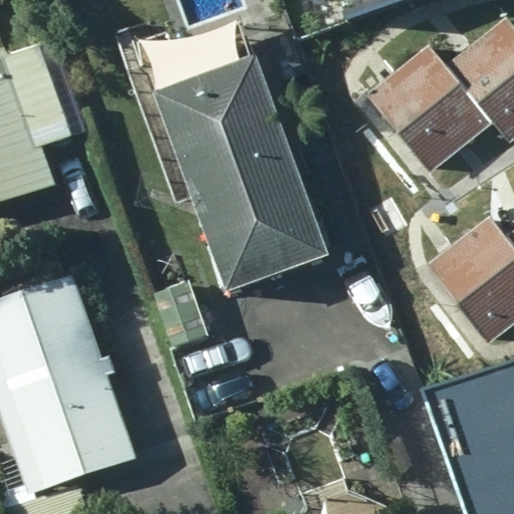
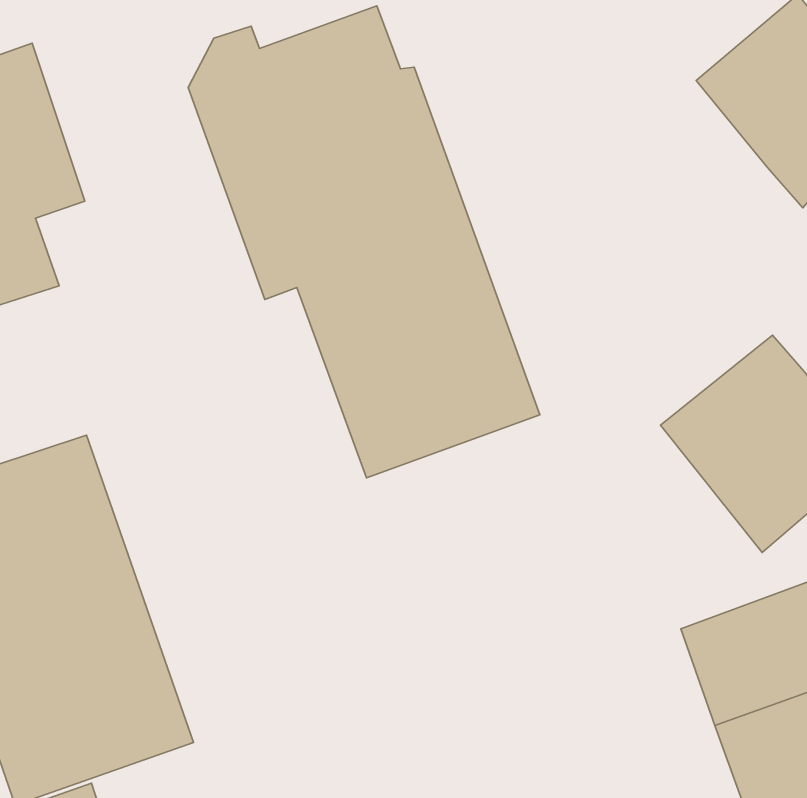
building: [360,47,482,170] -> none

